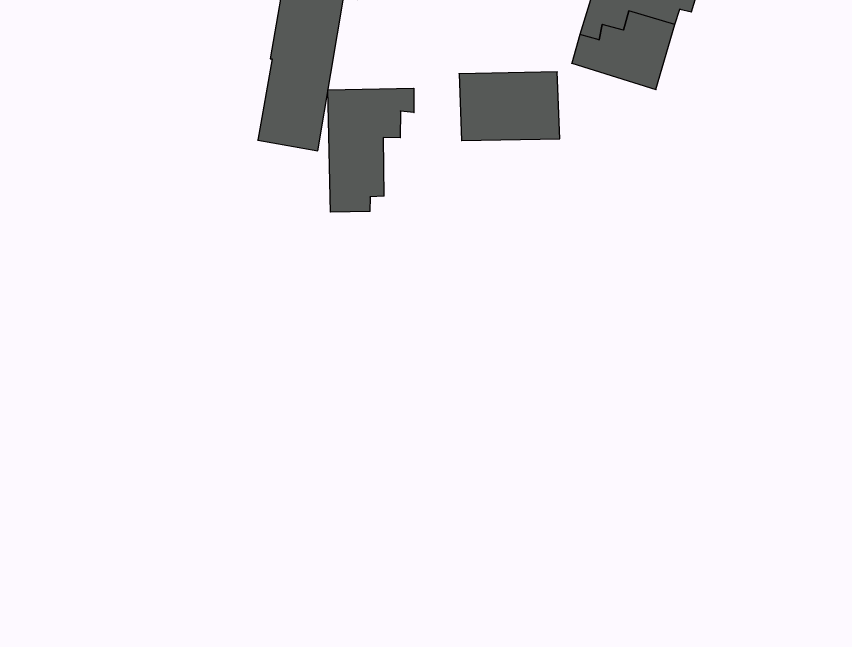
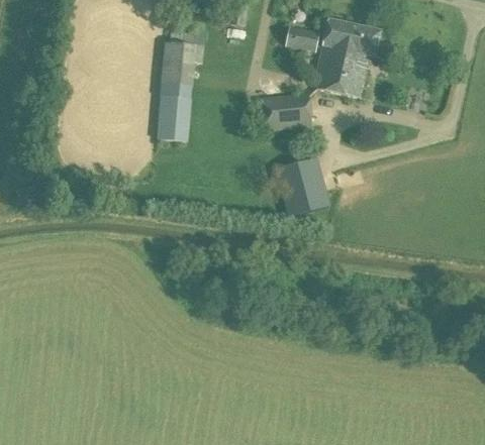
building: [328,88,414,212] -> none
building: none -> [275,156,329,216]

